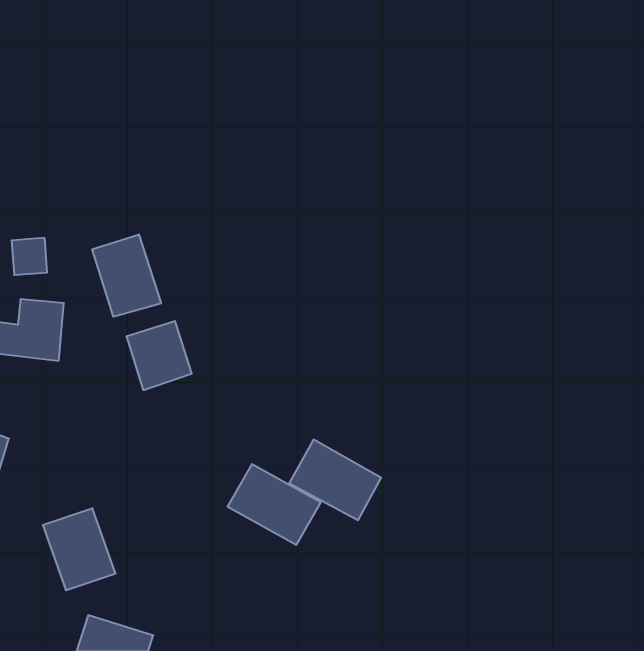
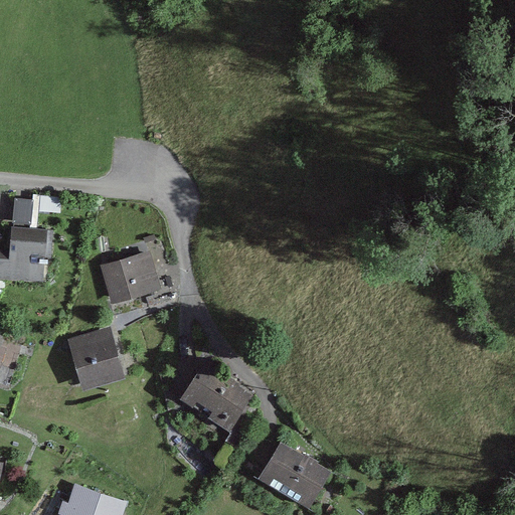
building: [92,234,161,317] -> none
building: [289,440,381,520] -> [256,445,329,508]
building: [43,508,116,590] -> [69,325,127,389]

